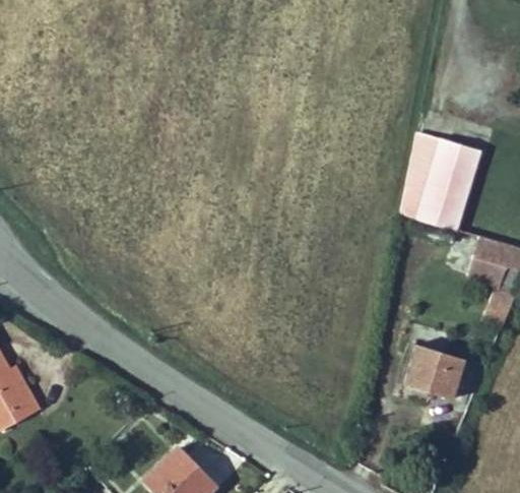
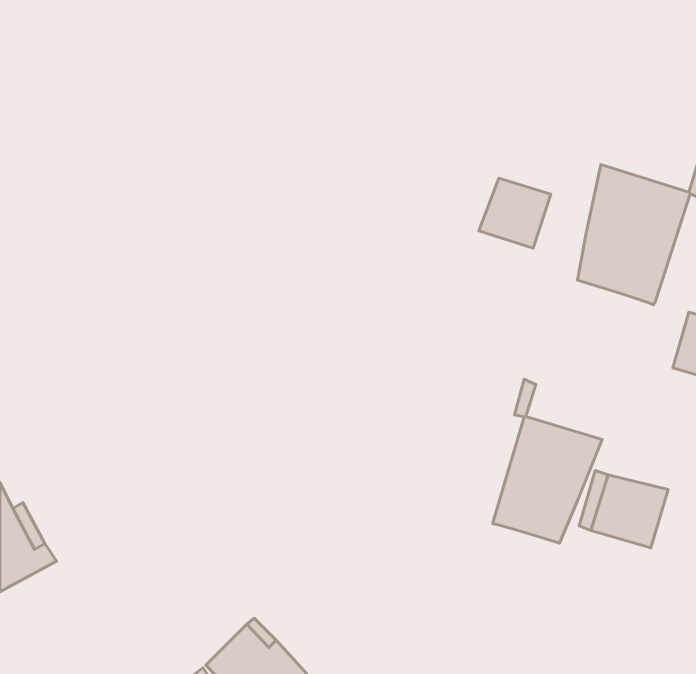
building: none -> [479,178,551,248]
building: none -> [493,379,602,543]

